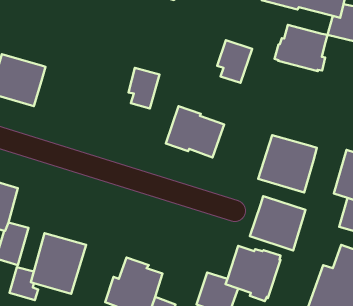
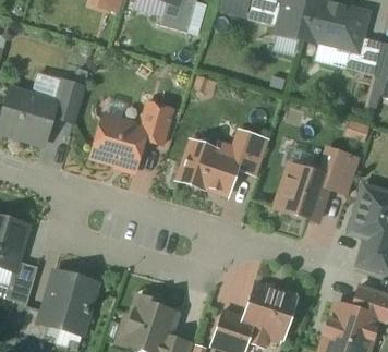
building: [274,25,327,71] -> none
building: [217,40,252,83] -> [232,131,268,174]
building: none -> [51,78,84,122]
building: none -> [92,116,146,167]
building: none -> [327,156,357,201]
building: [250,196,305,250] -> none

